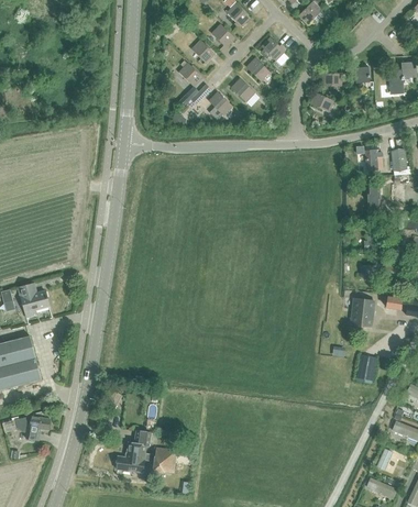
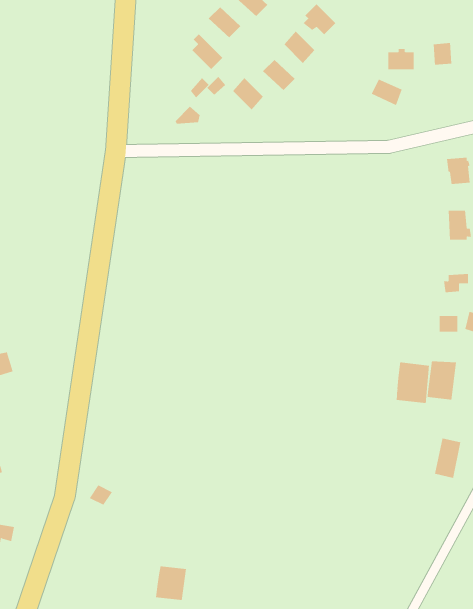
building: none -> [396,361,430,404]
building: [116,430,155,472] -> none

